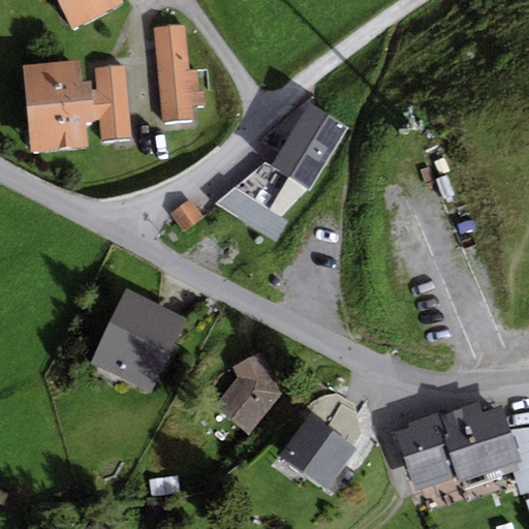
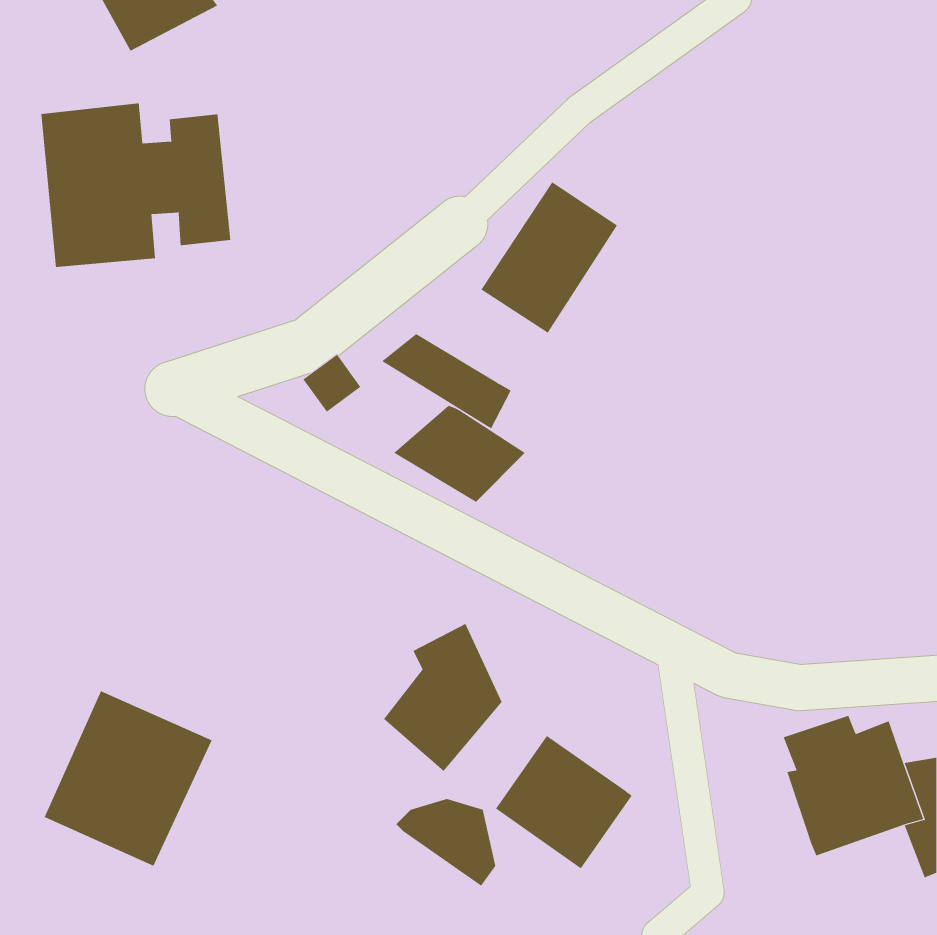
building: [152,24,205,123] -> none
building: [235,161,309,216] -> [394,405,526,502]
building: [92,291,187,391] -> [44,691,213,867]
building: [304,396,361,445] -> [395,798,496,886]
building: [395,411,457,490] -> none

